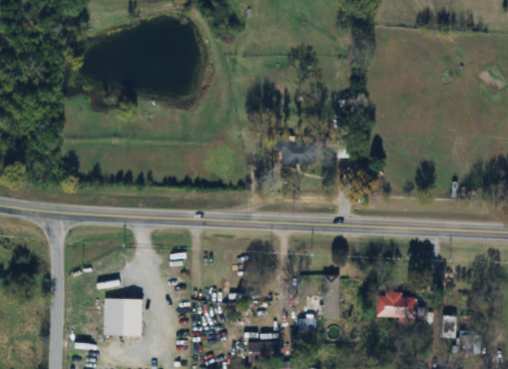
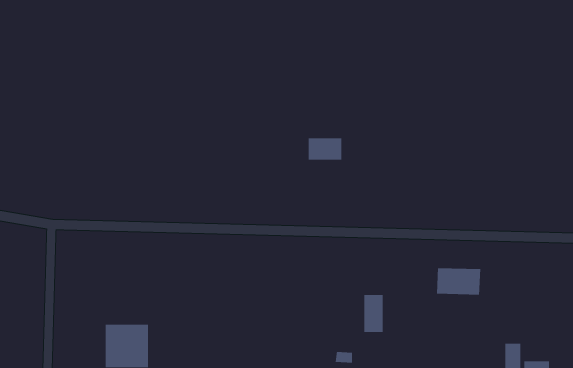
building: [376,295,414,318] -> [436,268,481,295]

